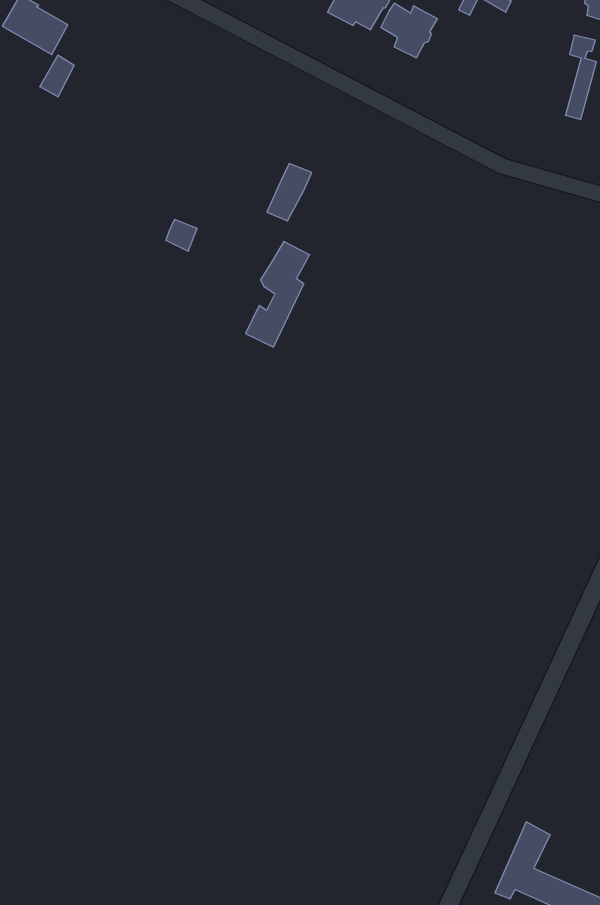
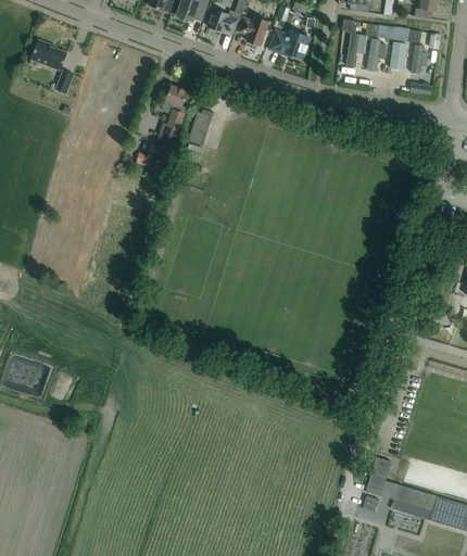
building: none -> [270,30,311,59]
building: [246,241,310,347] -> [159,86,188,144]

